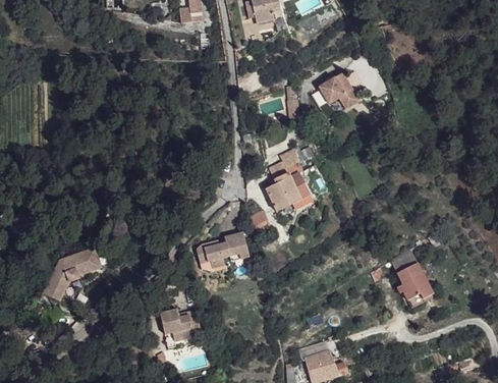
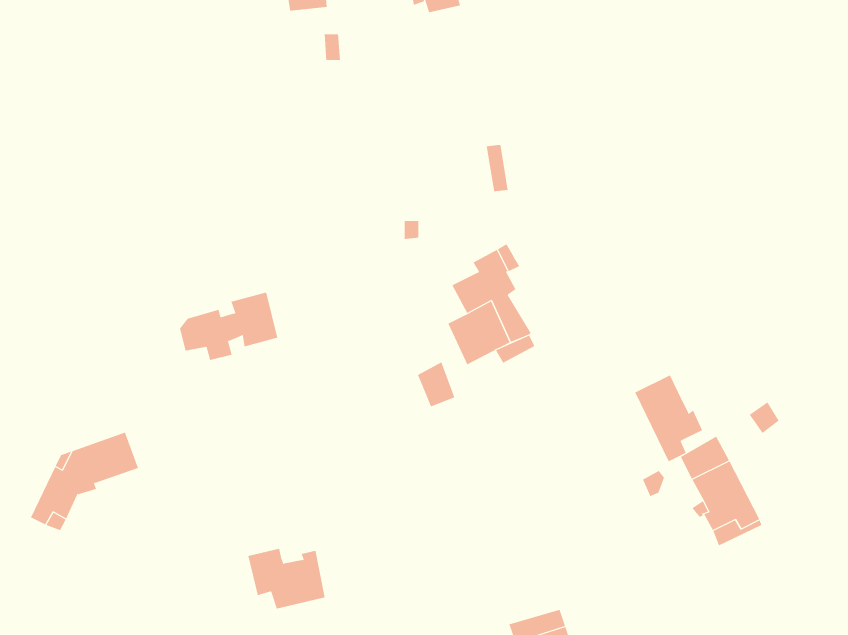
building: [319,72,358,109] -> none
building: none -> [634,374,703,462]
building: [197,231,250,268] -> [179,292,278,361]

